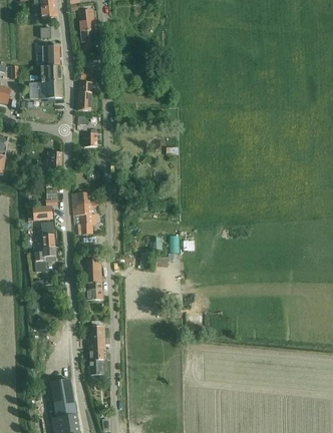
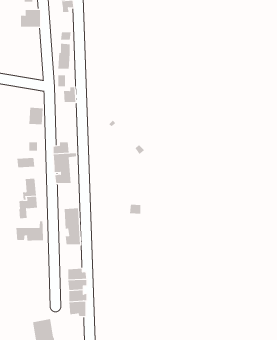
building: [33,65,62,98] -> none
building: none -> [16,221,44,242]

